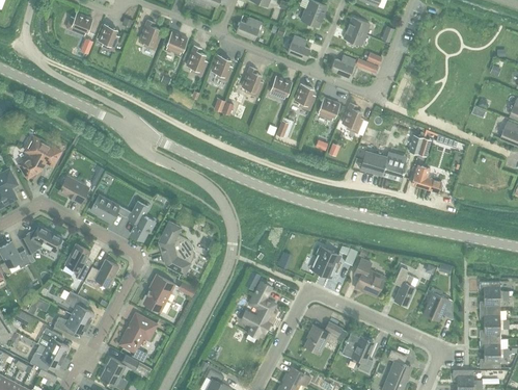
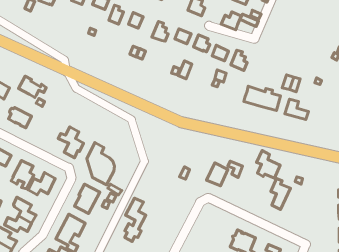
building: [89,194,125,222] -> [19,76,46,97]
building: [353,258,383,293] -> [257,150,280,178]
building: [247,282,274,337] -> [125,198,146,241]
building: [422,292,452,319] -> none
building: [304,321,340,354] -> none

